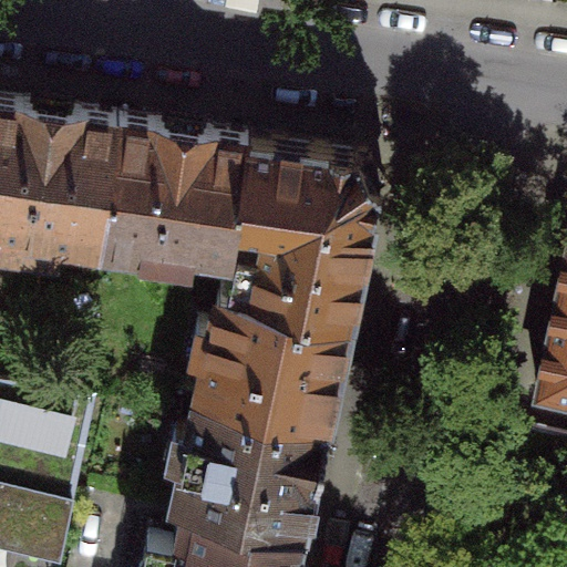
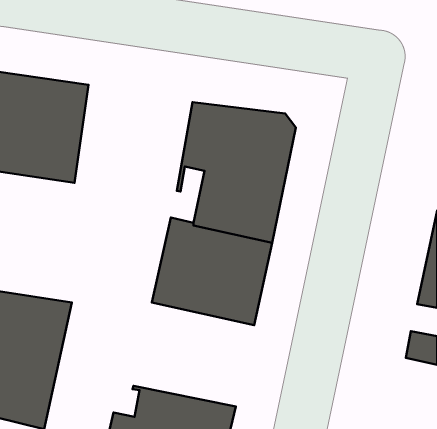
building: [95,126,246,261] -> none
building: [171,404,324,537] -> none

